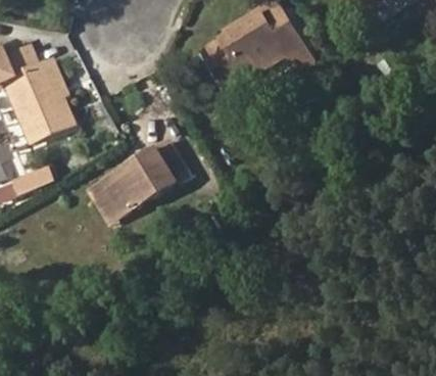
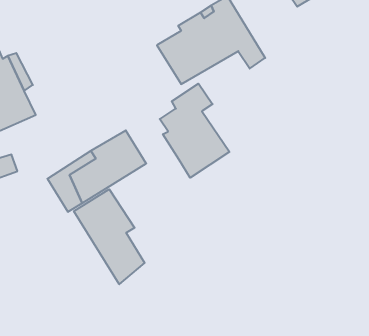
building: none -> [160,84,229,178]
building: none -> [74,189,145,284]

